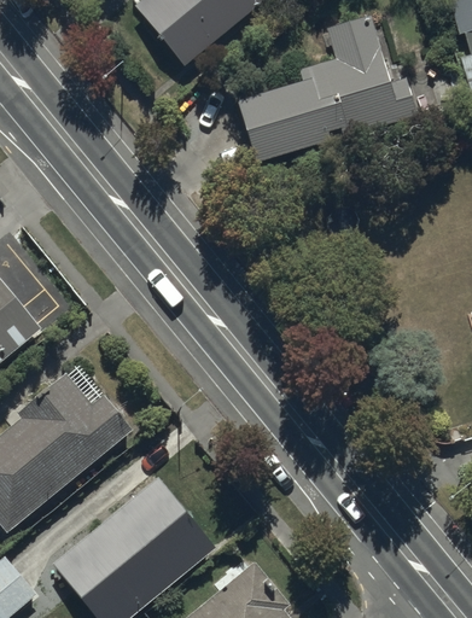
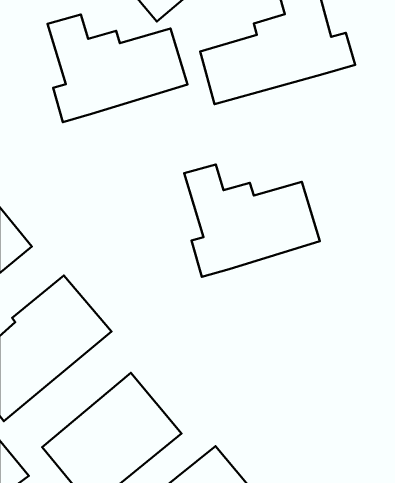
building: none -> [47,15,187,122]
building: none -> [184,165,320,277]

